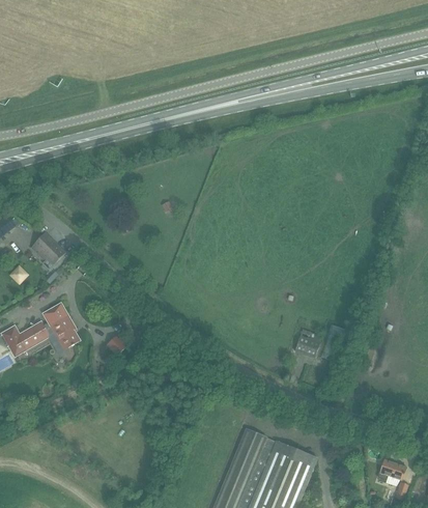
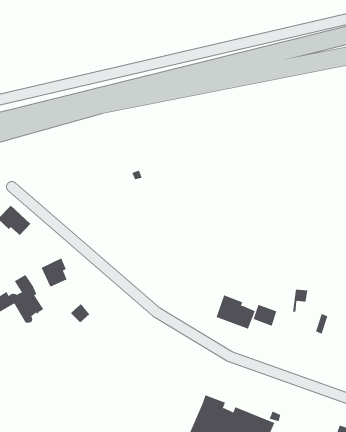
building: none -> [41,258,67,287]
building: none -> [216,294,256,330]

